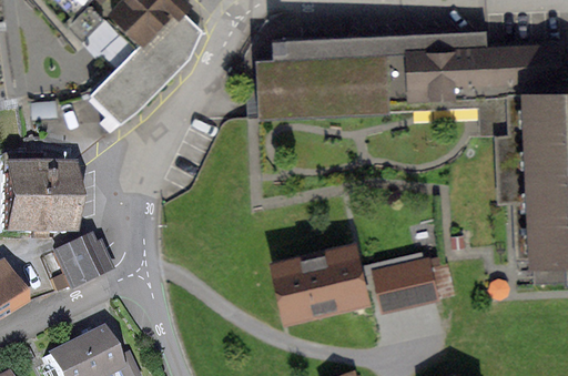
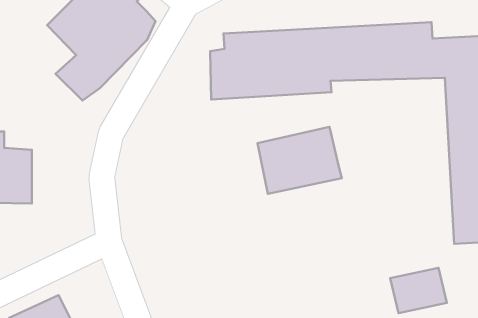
building: [51,237,103,287] -> none
building: [277,245,368,317] -> [258,127,342,194]
building: [377,258,438,307] -> [390,268,447,313]

